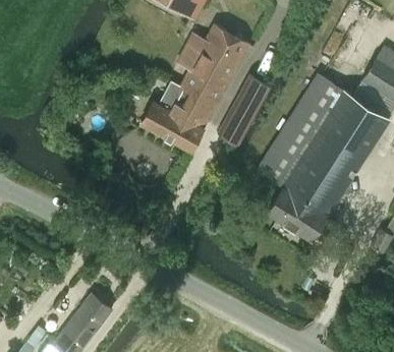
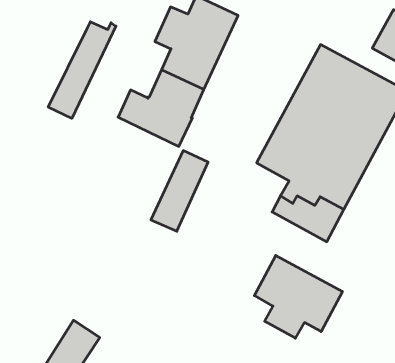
building: none -> [48,22,116,118]
building: [218,75,270,143] -> [151,151,208,231]
building: none -> [254,255,342,338]

